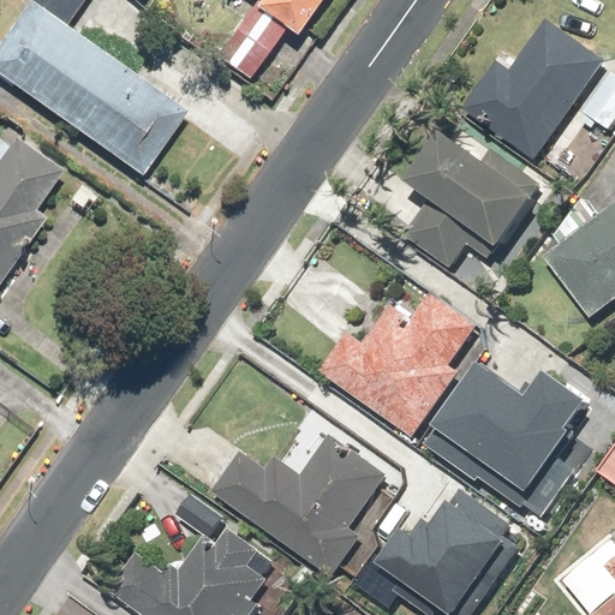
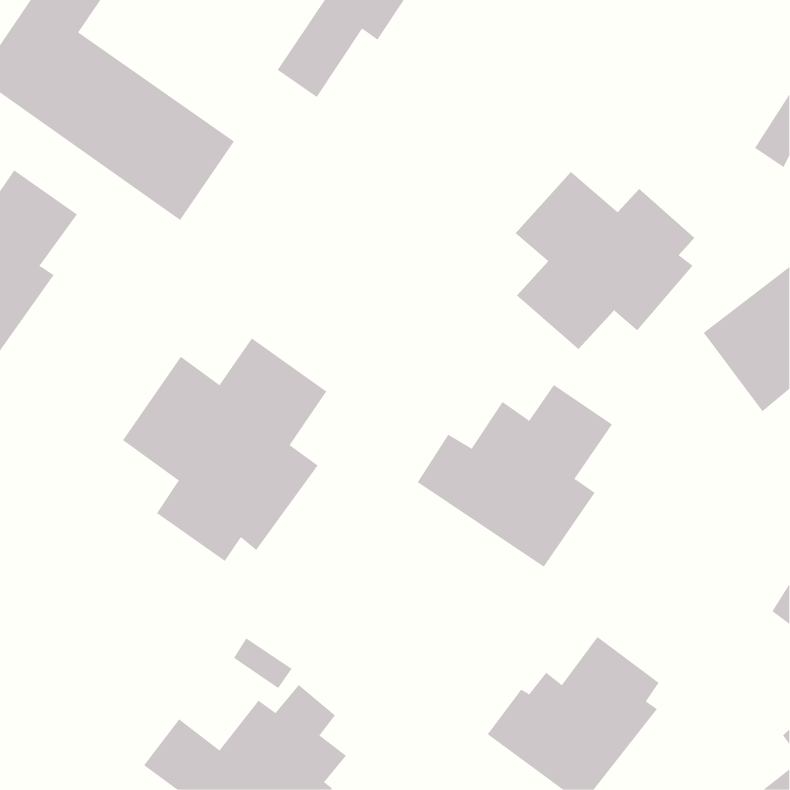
building: [461,20,602,163] -> none
building: none -> [122,337,327,562]
building: [435,359,598,509] -> none
building: [211,434,386,579] -> none

